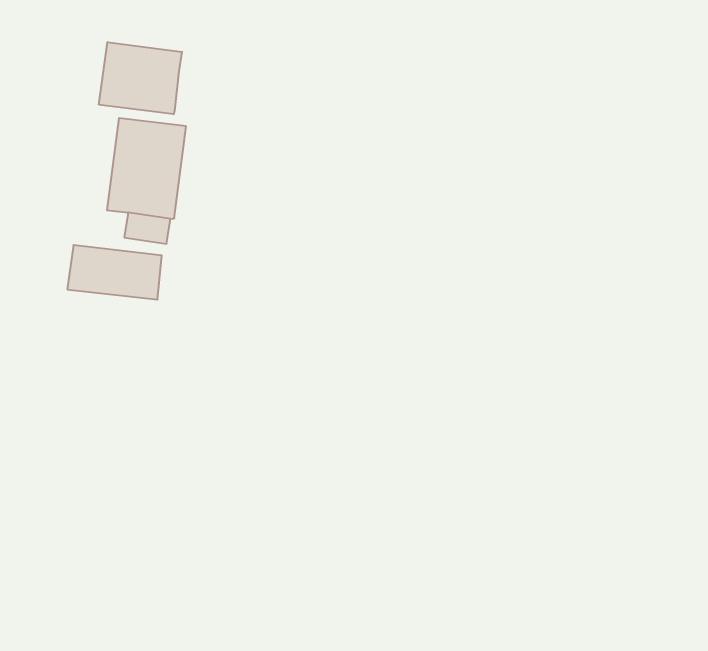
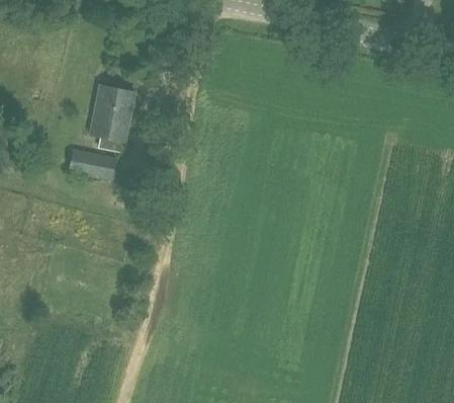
building: [99,42,182,114] -> none

